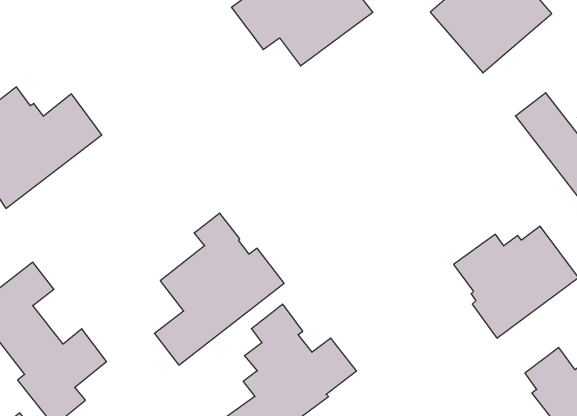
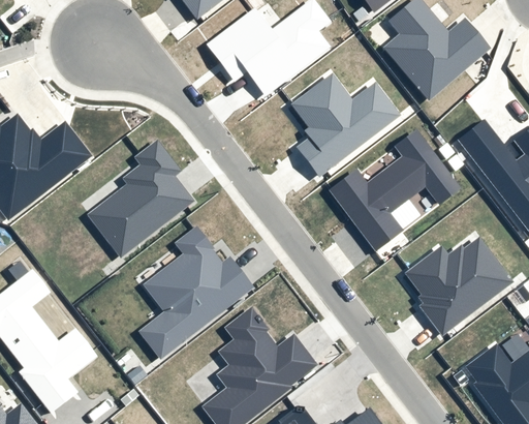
building: none -> [288,72,401,178]
building: none -> [329,130,460,251]
building: none -> [87,139,194,258]

